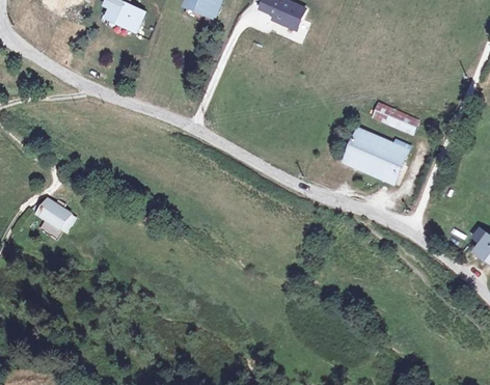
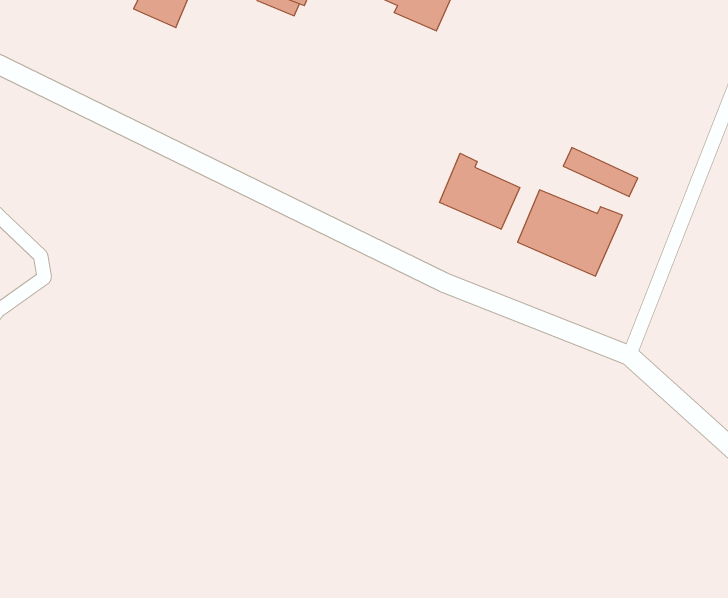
building: none -> [439,153,520,229]
building: [33,197,75,240] -> none

